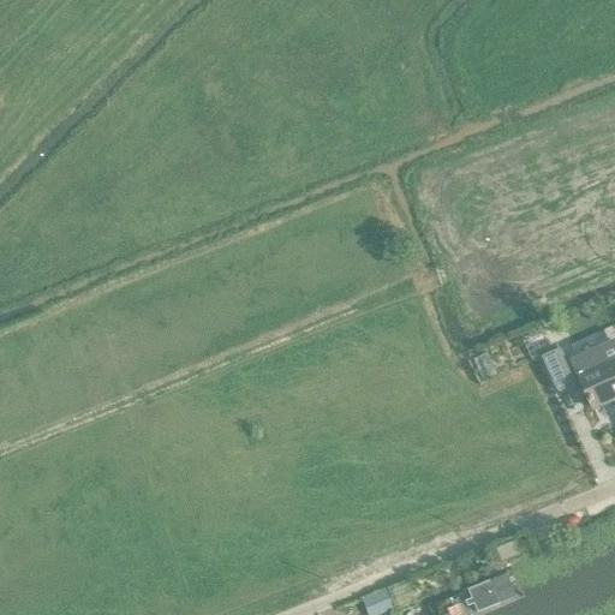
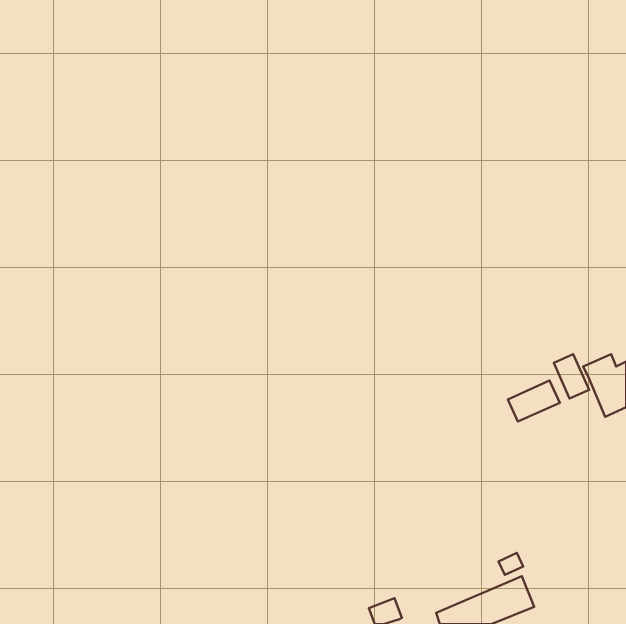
building: none -> [508,381,560,421]

